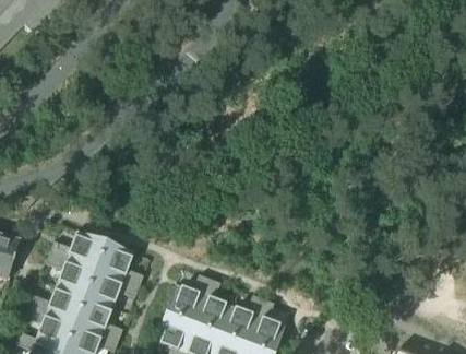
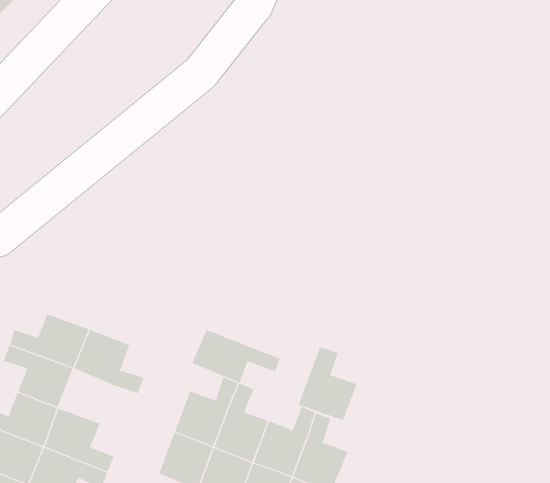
building: none -> [191,329,281,383]
building: none -> [298,346,357,421]
building: [82,264,138,303] -> none

